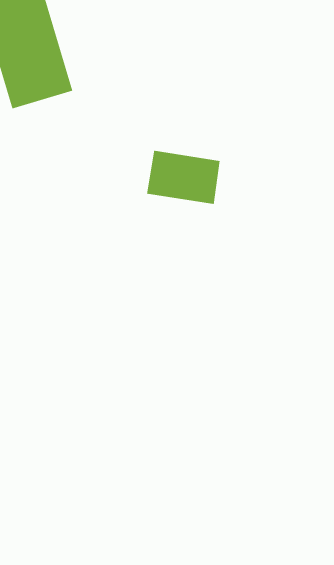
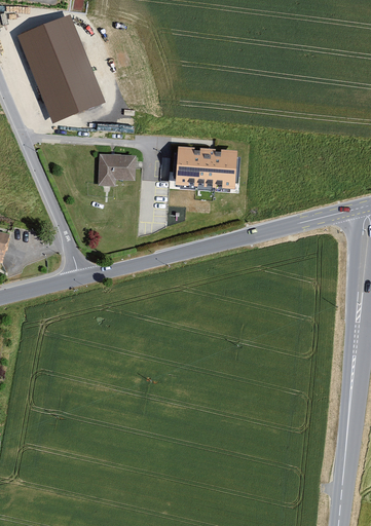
building: none -> [98,154,135,185]

